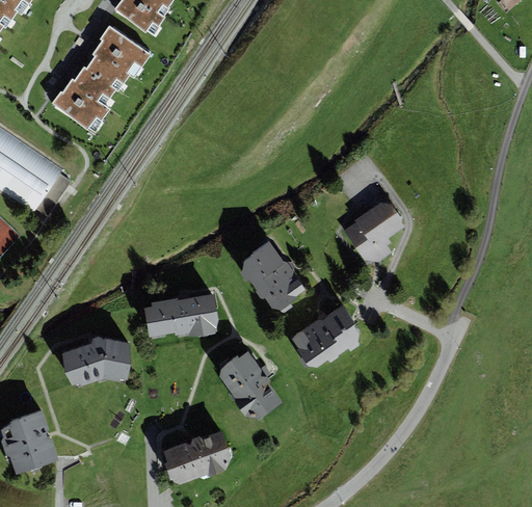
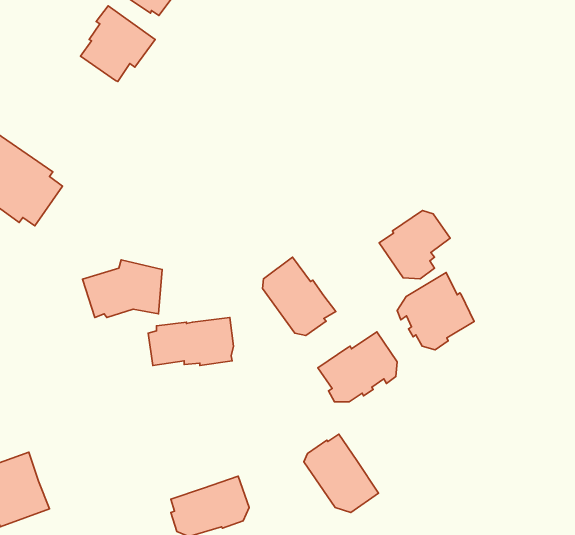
building: [51,65,115,132] -> none
building: none -> [397,273,474,350]
building: [60,335,129,384] -> [83,260,162,318]
building: [217,350,282,418] -> [304,434,378,512]

